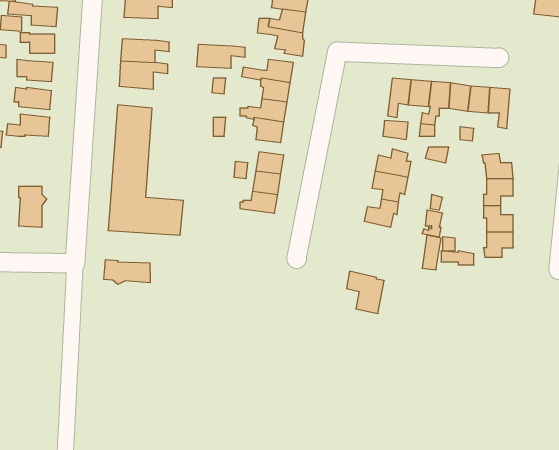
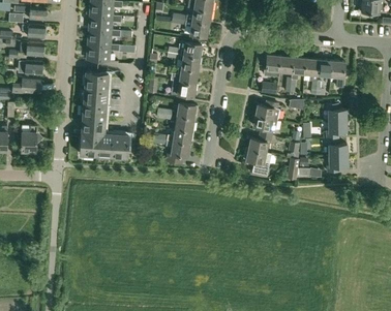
building: [197,45,245,68] -> [89,14,121,30]
building: none -> [166,141,189,164]
building: [104,260,150,284] -> none
building: [347,271,384,314] -> [246,149,271,177]

